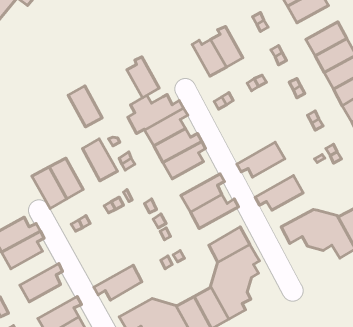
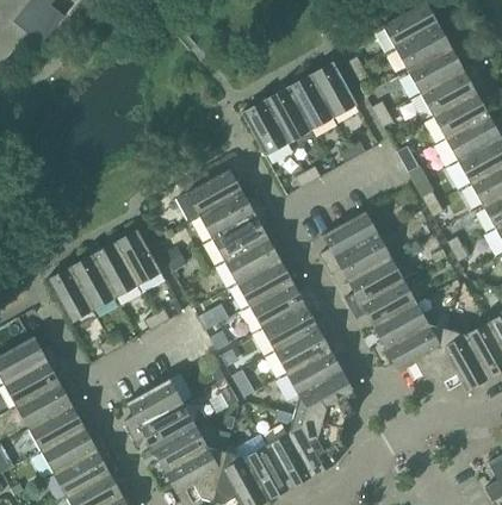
building: none -> [408,46,464,93]
building: none -> [310,67,358,118]
building: [127,57,159,98] -> [244,100,289,156]
building: [68,86,102,127] -> [92,242,138,298]
building: none -> [320,211,378,263]
building: none -> [345,256,403,308]
building: none -> [237,260,303,306]
building: none -> [373,303,430,349]
building: none -> [274,322,334,374]
building: none -> [124,379,184,431]
building: none -> [17,382,82,429]
building: none -> [153,424,210,472]
building: none -> [42,428,107,474]

